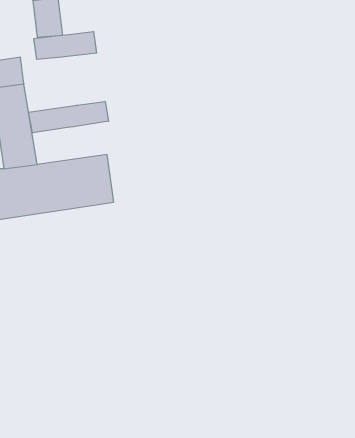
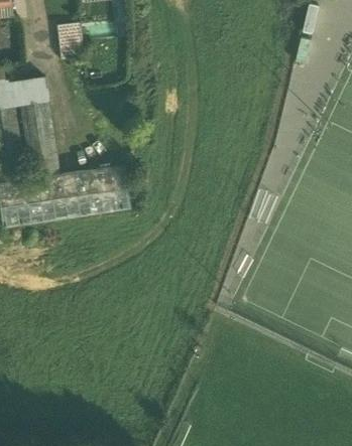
building: [34,31,96,59] -> none
building: [29,101,109,133] -> none

